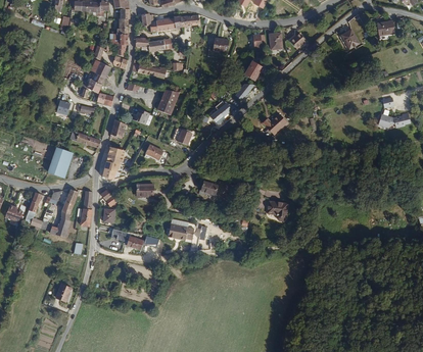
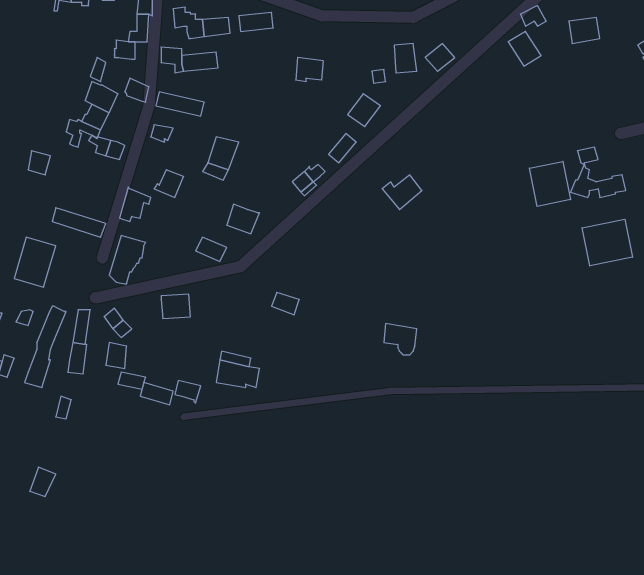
building: none -> [529,161,571,206]
building: none -> [582,219,633,266]

